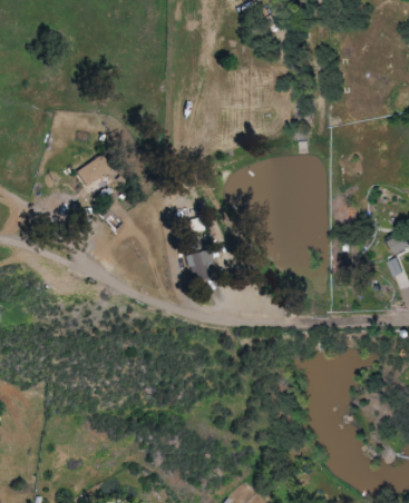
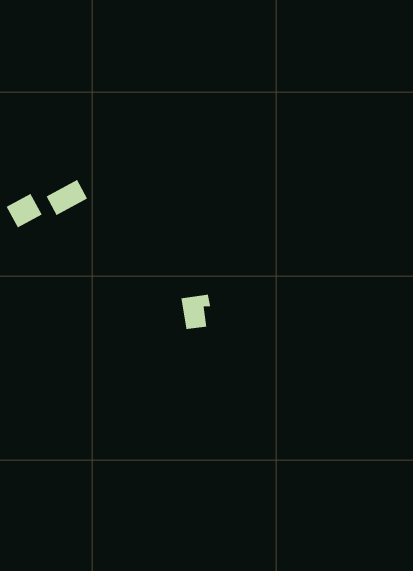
building: none -> [6,193,43,228]

